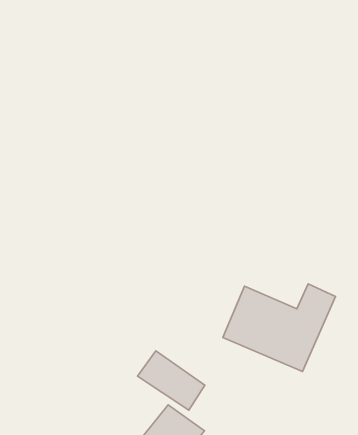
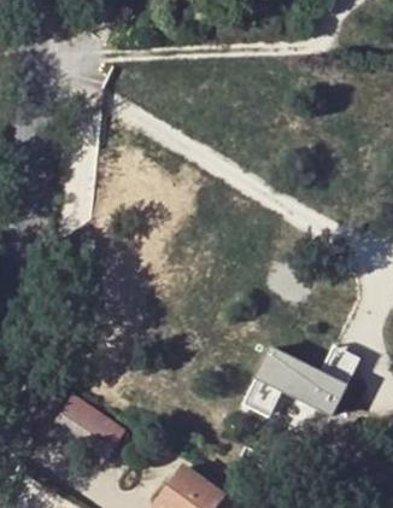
building: [137,351,205,410] -> [53,395,124,457]

